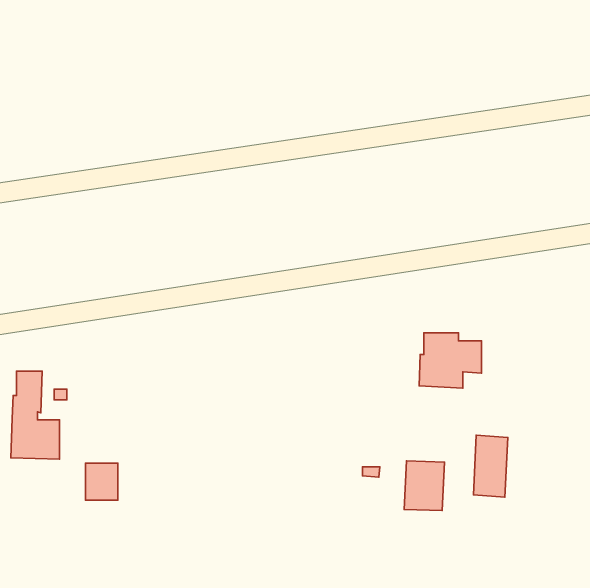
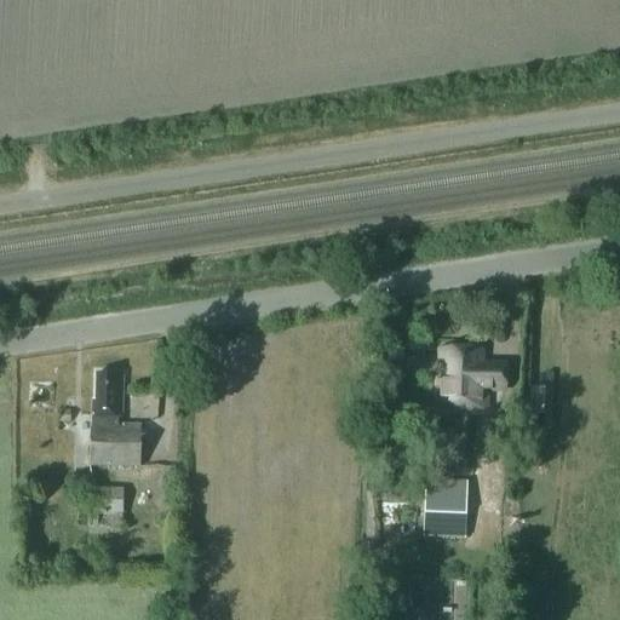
building: [11,371,59,459] -> [90,372,140,464]
building: [473,435,508,497] -> none

